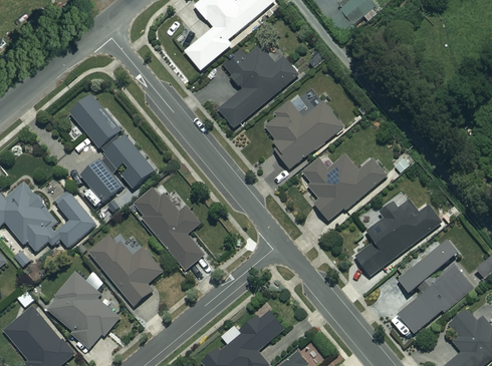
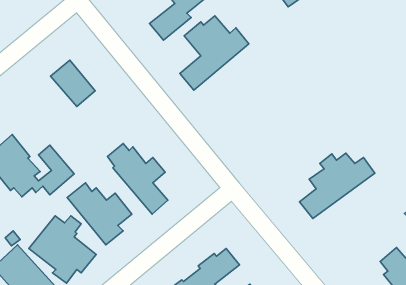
building: [264,100,343,167] -> none
building: [80,128,155,202] -> none
building: [302,154,387,219] -> none
building: [398,239,473,332] -> none

